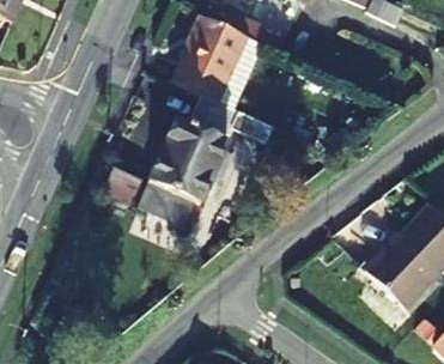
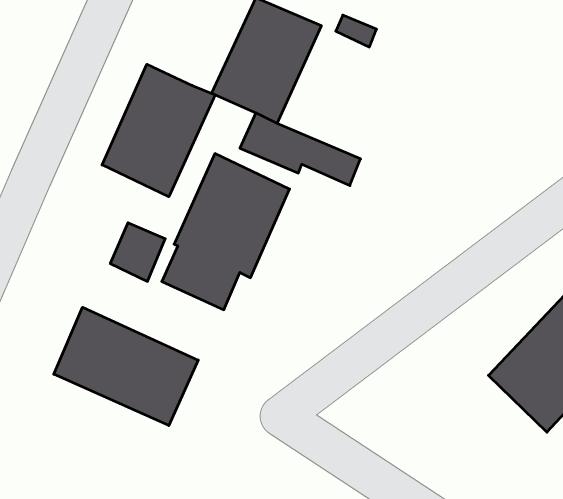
building: none -> [102,64,215,197]
building: none -> [54,307,198,426]

